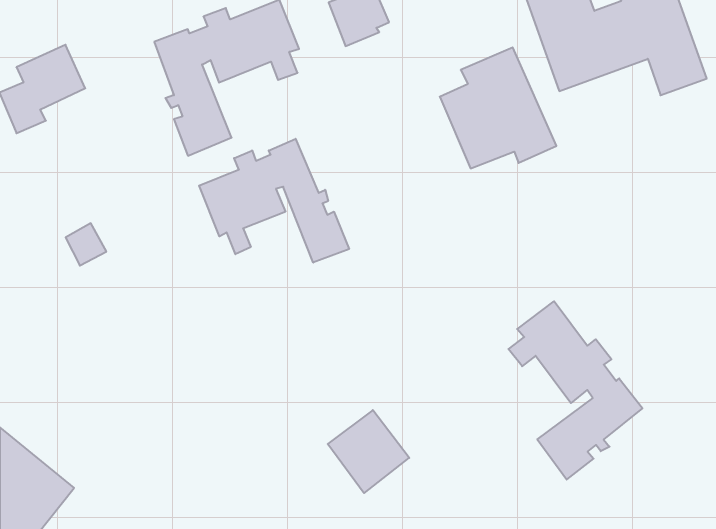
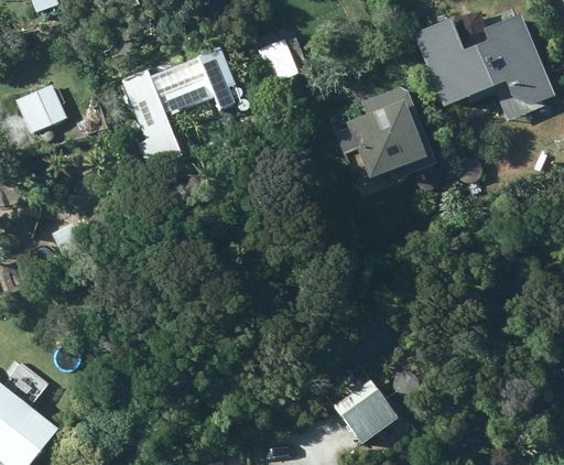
building: [199,139,349,263] -> none
building: [508,301,642,480] -> none
building: [328,410,409,493] -> [333,378,397,443]

